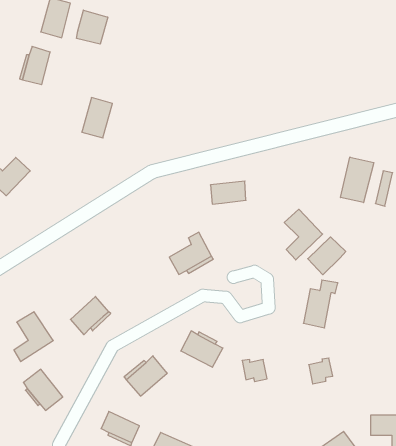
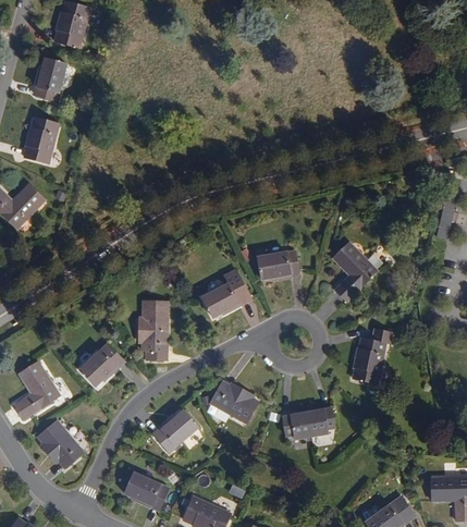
building: [77,10,108,44] -> none
building: [82,98,112,138] -> [23,118,58,163]
building: [341,157,374,203] -> none
building: [210,181,246,204] -> [259,250,299,277]
building: [308,237,346,275] -> none
building: none -> [149,299,175,358]
building: [309,358,333,384] -> [307,406,334,436]

